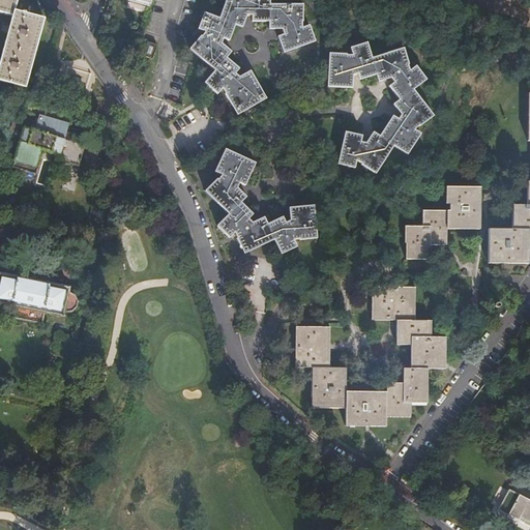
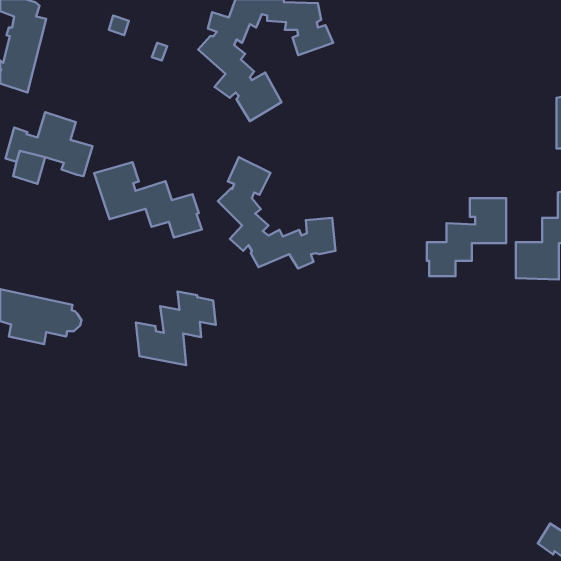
building: [328,42,433,173] -> none
building: none -> [94,162,202,238]
building: none -> [136,291,216,365]
building: [297,289,444,423] -> none

